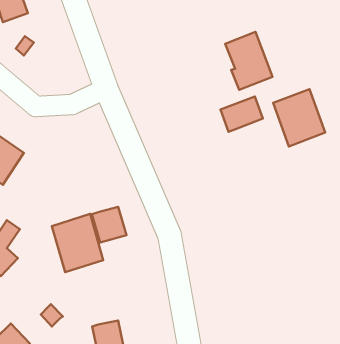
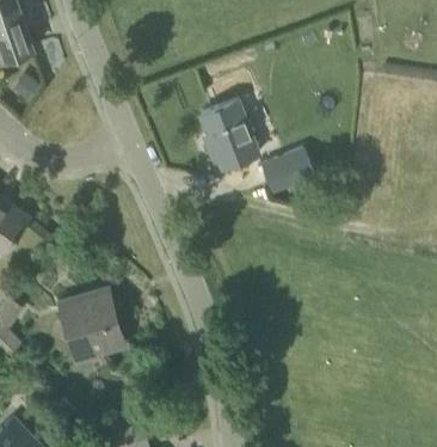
building: [225,32,272,90] -> [202,100,258,170]
building: [273,89,325,146] -> none
building: [92,207,127,243] -> none

